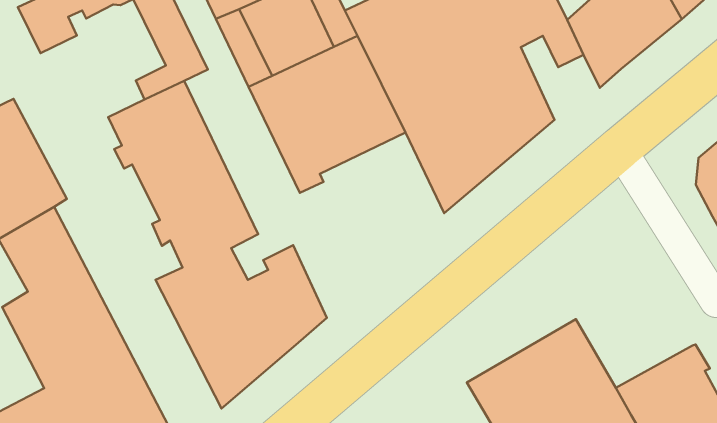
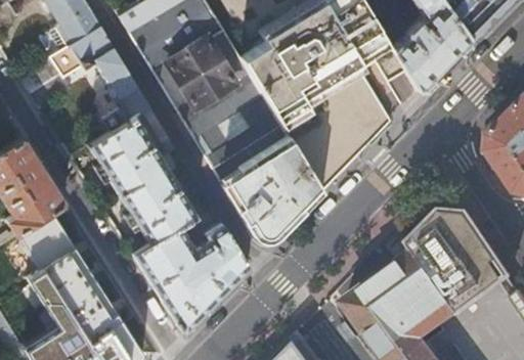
building: none -> [221,135,322,237]
building: none -> [411,212,499,295]

